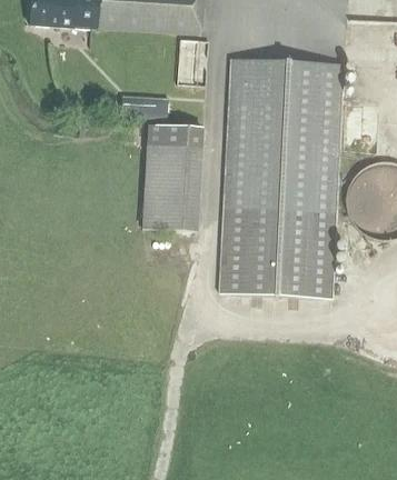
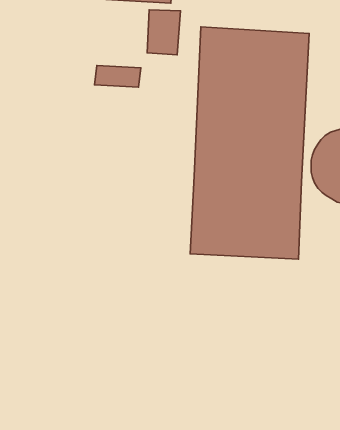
building: [142,120,202,227] -> none

